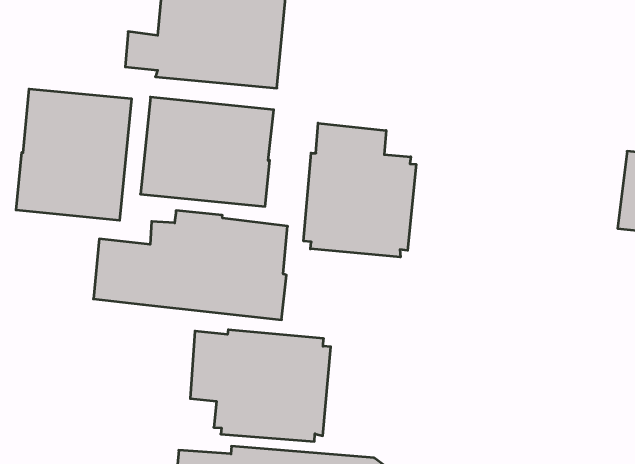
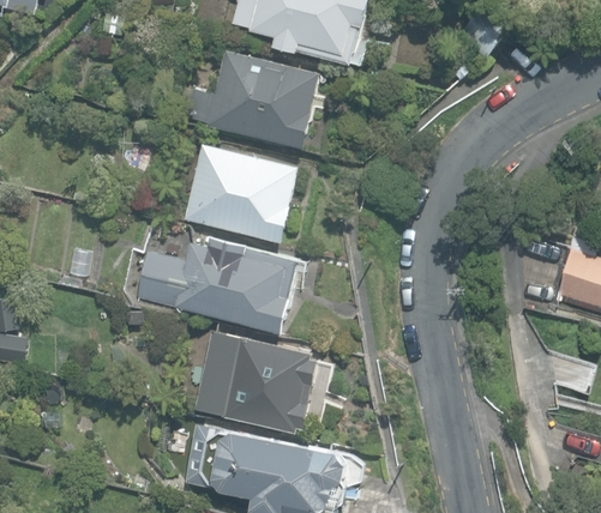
building: [16,89,131,220] -> none
building: [304,123,416,257] -> none

